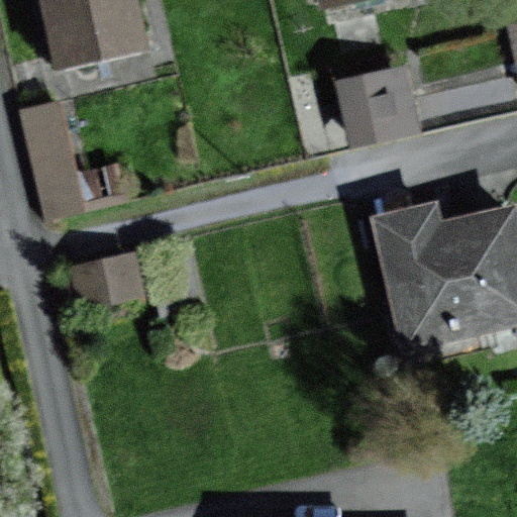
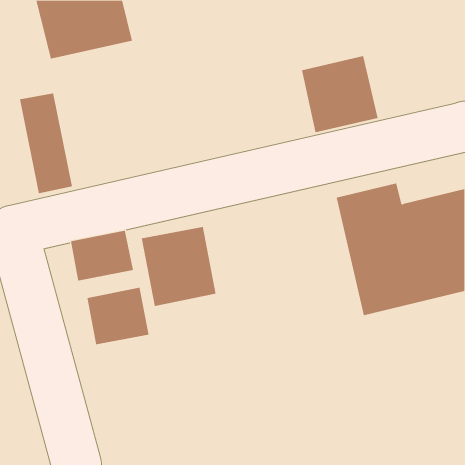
building: none -> [141,226,216,307]
building: none -> [87,287,149,345]

